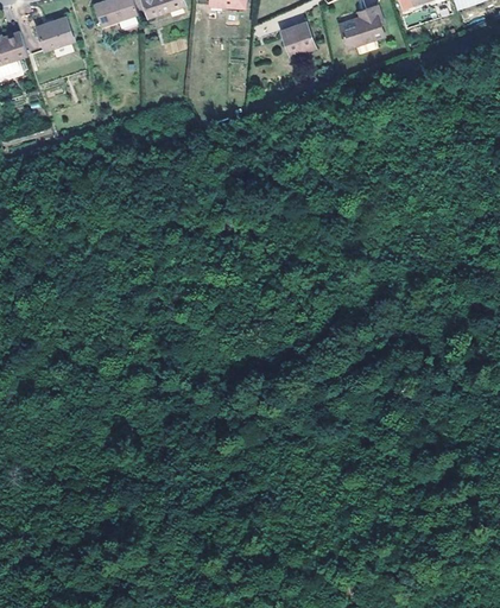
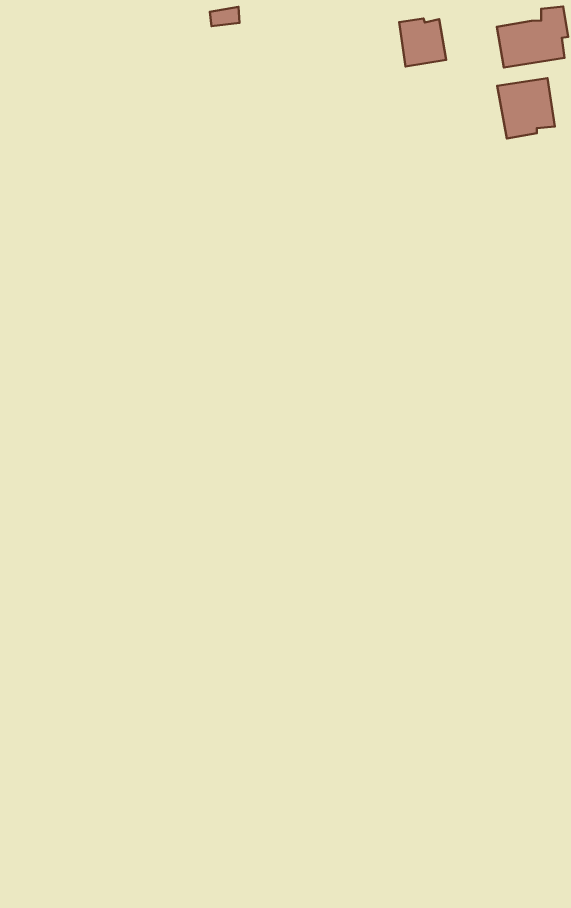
building: none -> [497,78,555,138]

